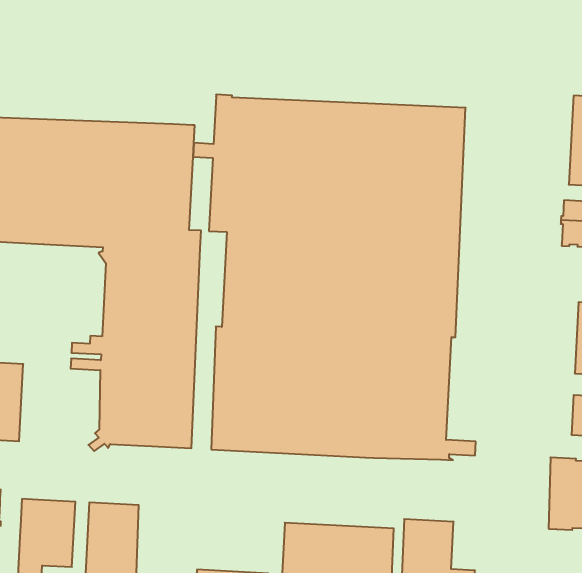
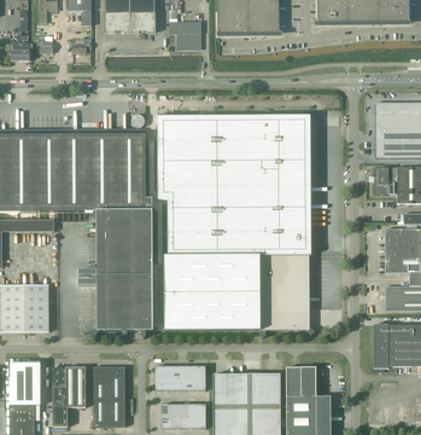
building: none -> [156,365,205,389]

